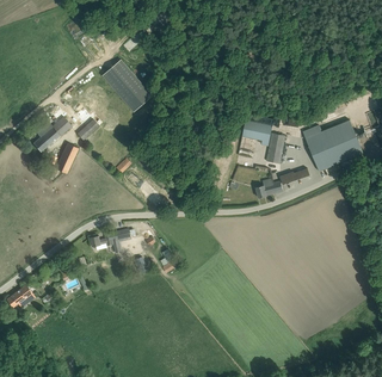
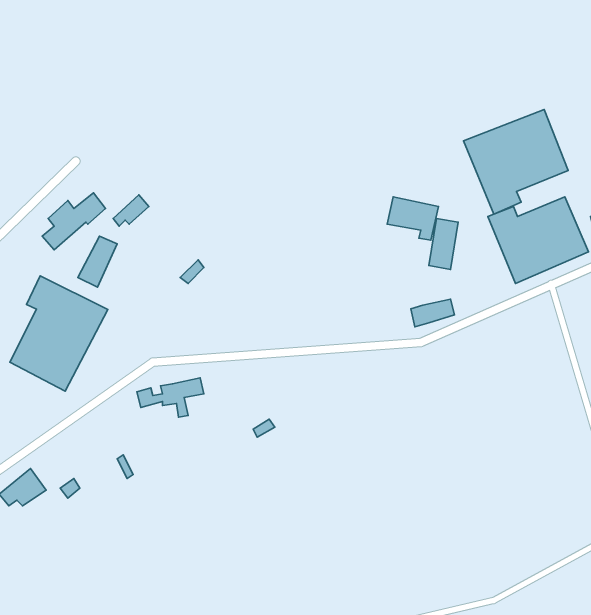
building: [107,63,158,116] -> none
building: none -> [464,109,568,214]
building: none -> [10,276,108,391]

